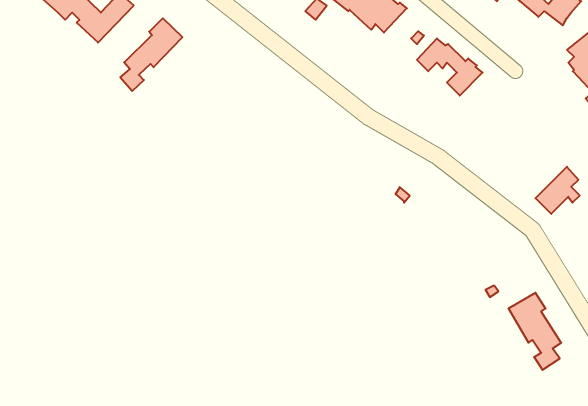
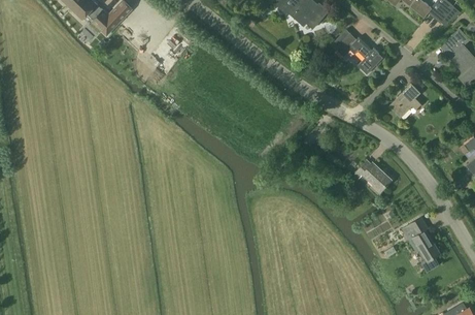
building: [120,18,182,91] -> none
building: [535,167,580,214] -> [388,84,420,118]
building: none -> [355,160,392,191]

